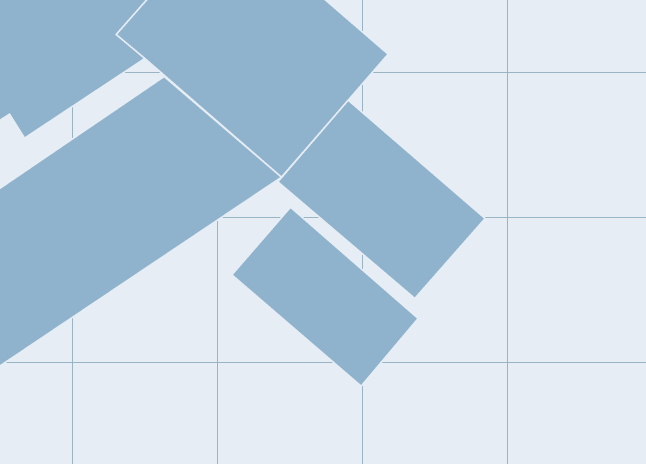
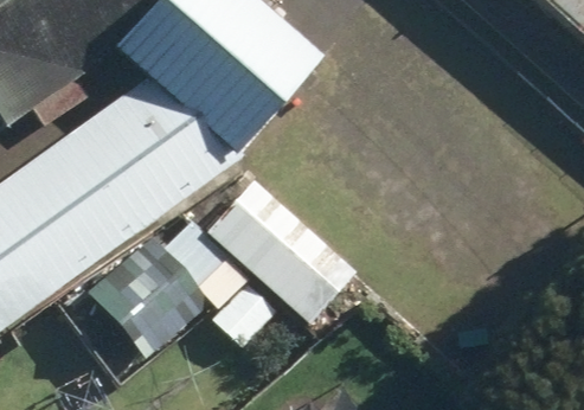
building: [278,100,485,299] -> none
building: none -> [89,236,212,359]

